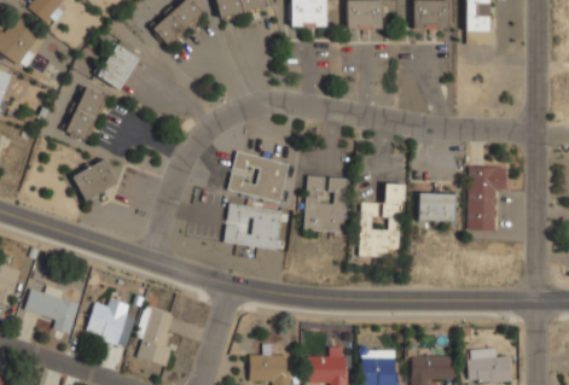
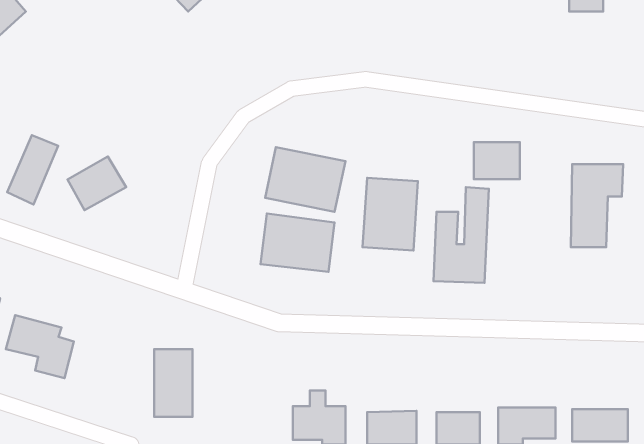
building: [95,43,139,89] -> none
building: [65,86,105,140] -> [7,135,58,204]
building: [418,192,454,221] -> [474,142,520,179]
building: [85,298,134,345] -> none

